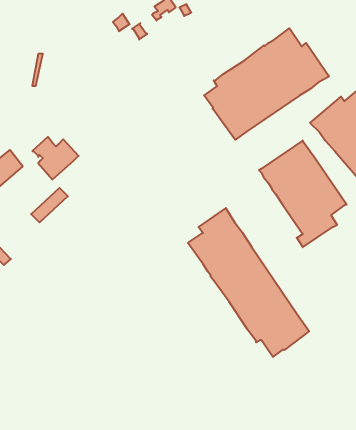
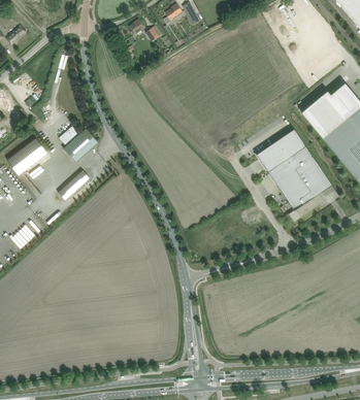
building: [204,28,329,140] -> none
building: [188,208,309,357] -> none

